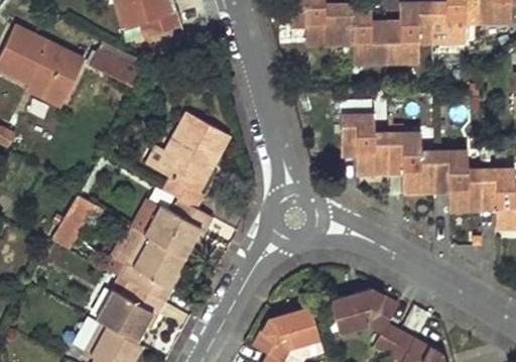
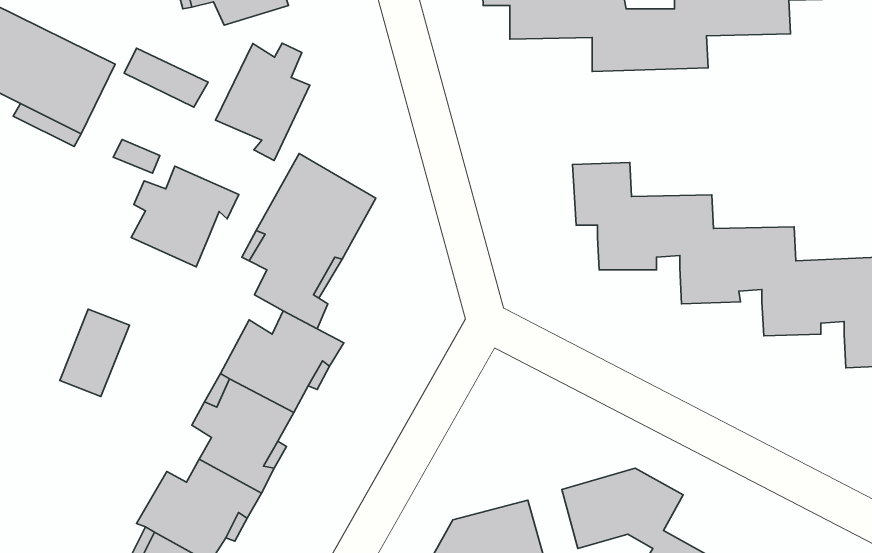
building: none -> [216,43,310,160]
building: none -> [131,166,239,267]

